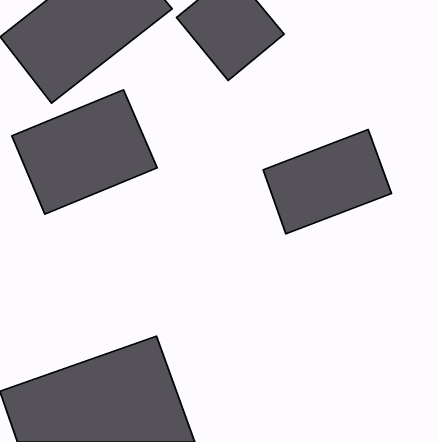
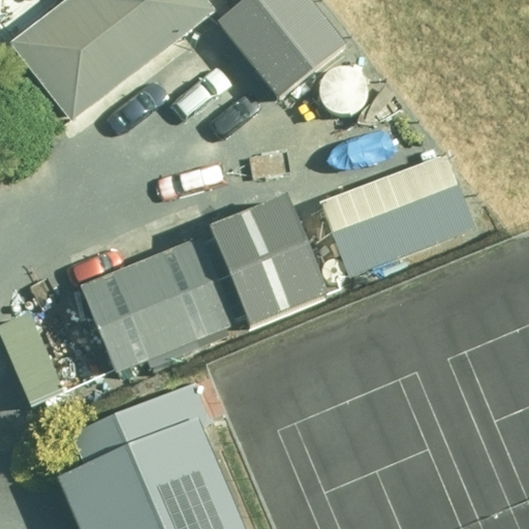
building: [12,90,157,214] -> none
building: none -> [81,206,319,372]

